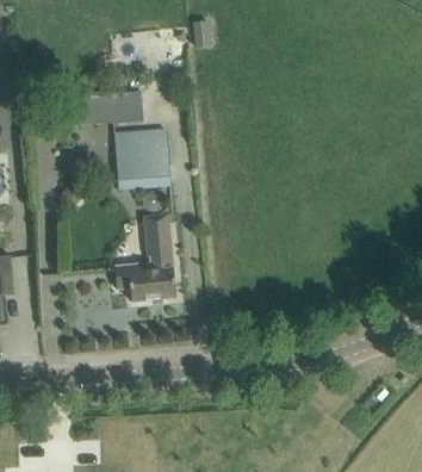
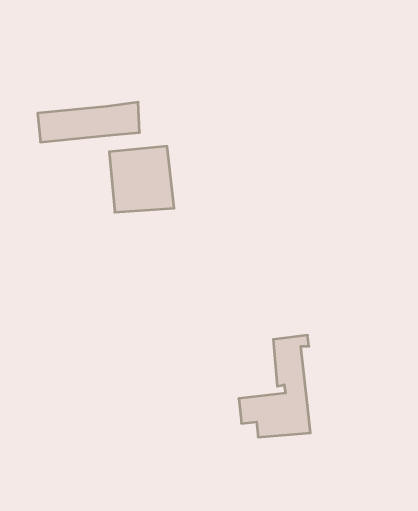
building: [113,212,175,300] -> [239,335,310,437]

